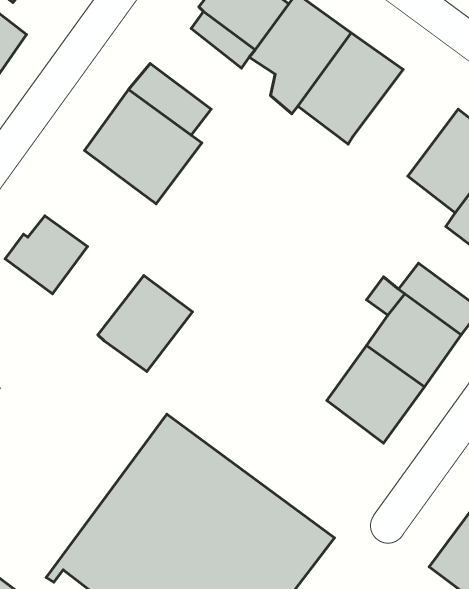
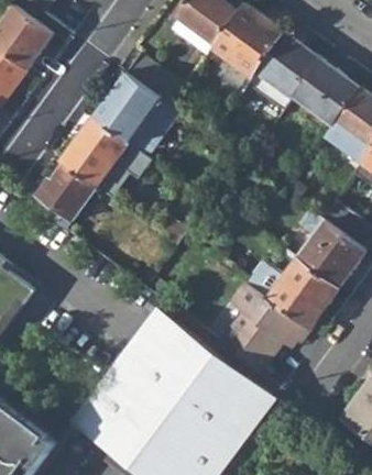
building: none -> [287,59,363,136]
building: [98,275,193,371] -> [61,118,129,187]
building: none -> [223,284,309,373]

